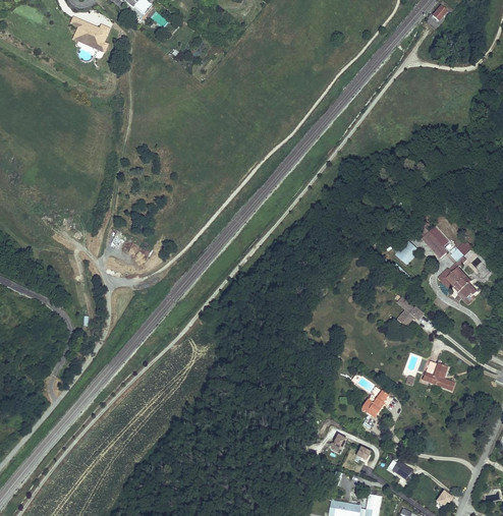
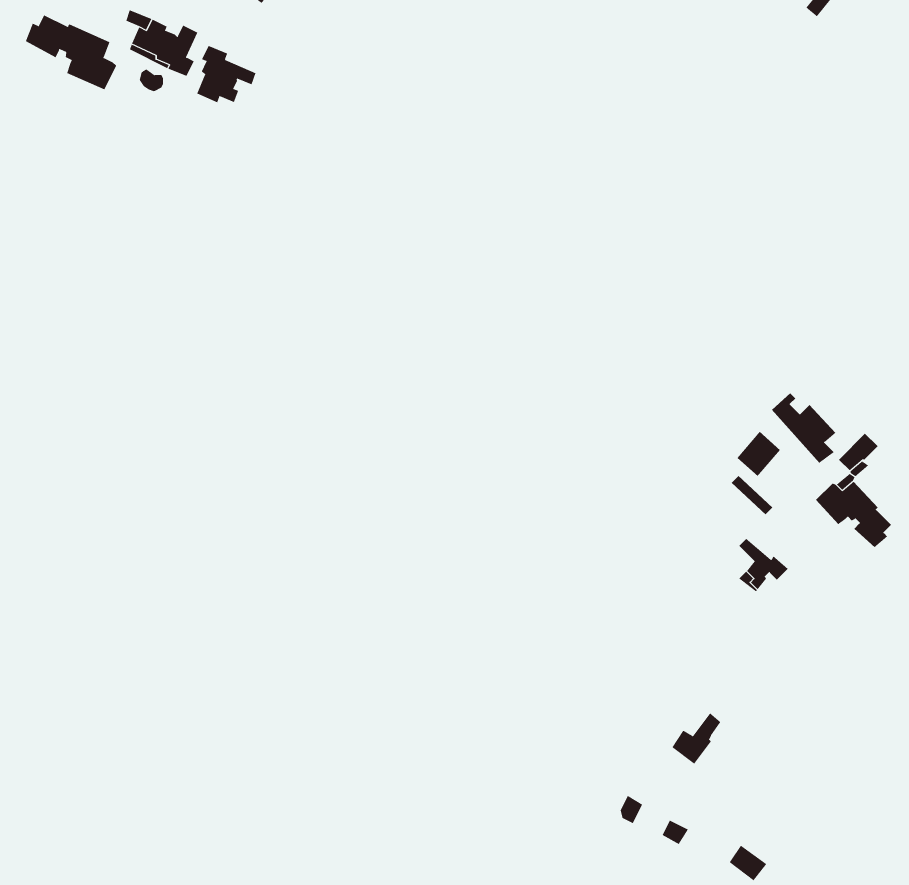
building: none -> [25,15,117,90]
building: none -> [197,45,256,103]
building: [422,360,453,391] -> none

